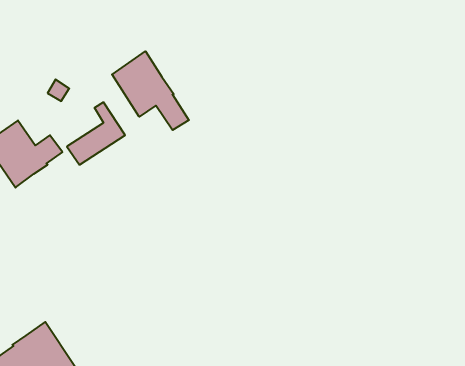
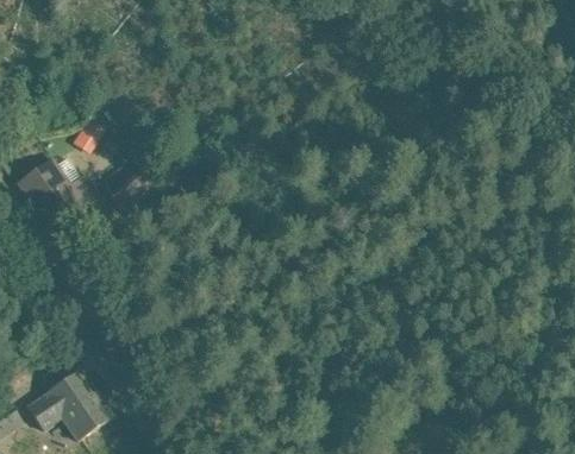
building: [112,51,189,130] -> none

